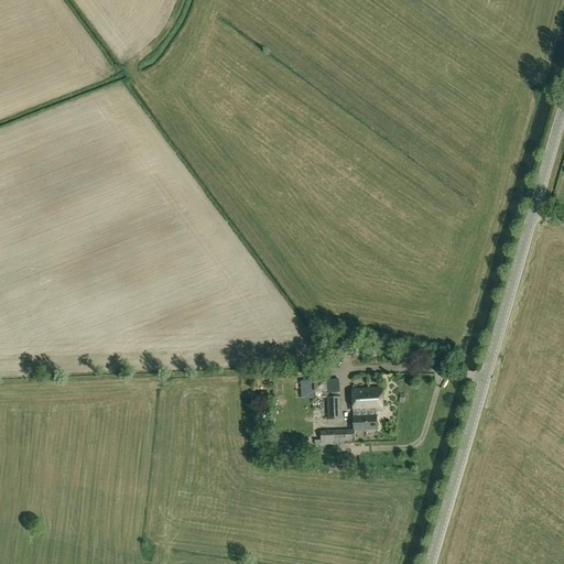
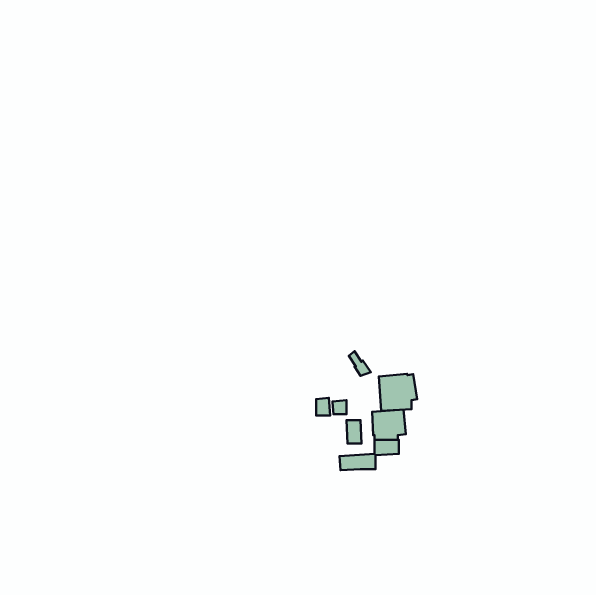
building: none -> [379,374,417,411]

